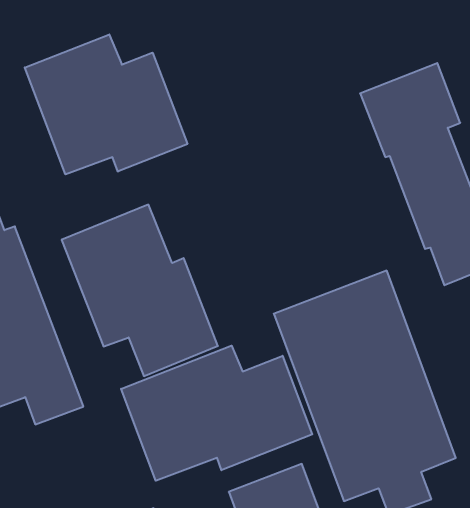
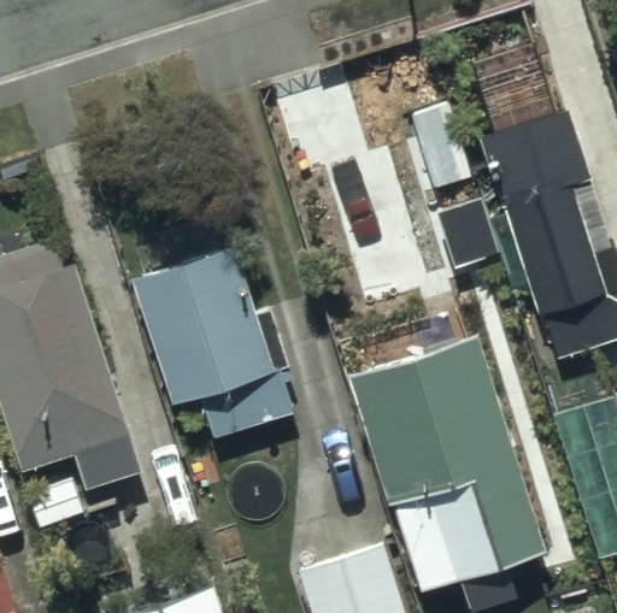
building: [25,34,187,174] -> none
building: [121,346,312,481] -> none

